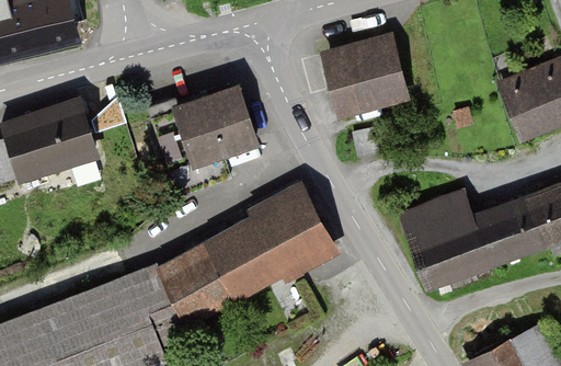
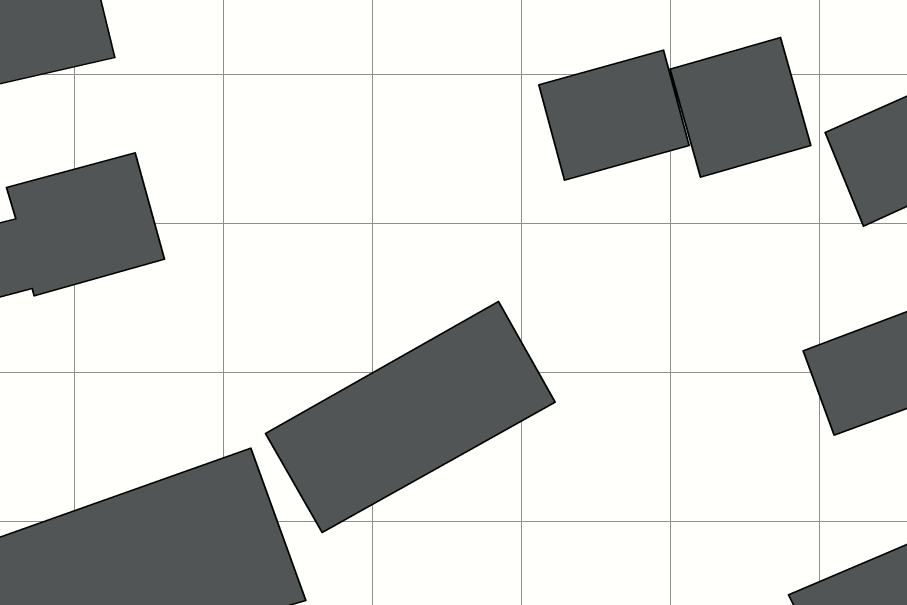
building: none -> [670,37,811,177]
building: [146,85,263,172] -> none
building: [401,197,495,287] -> none

